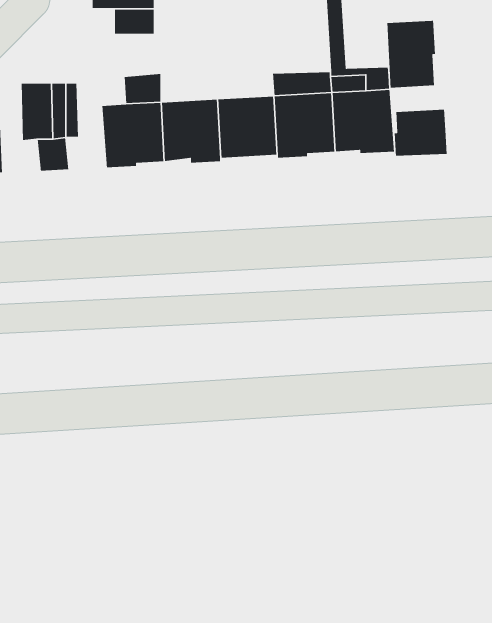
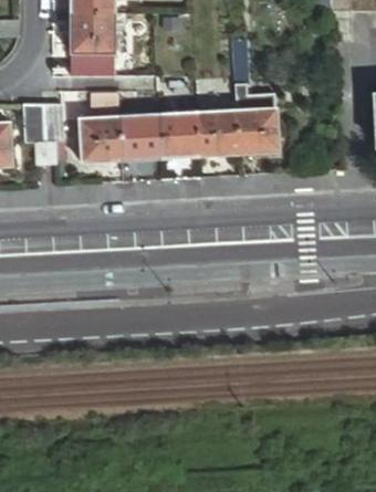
building: [386,20,436,88] -> none
building: [394,109,447,156] -> none

